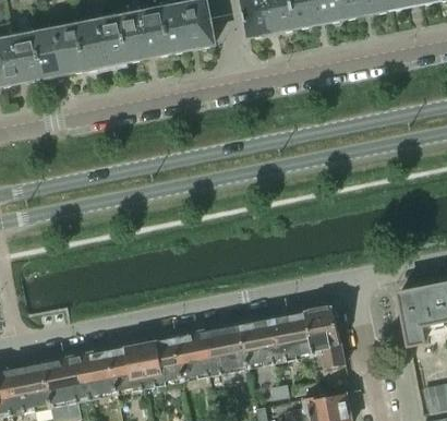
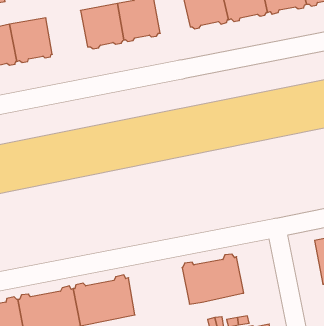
building: [76,16,126,71] -> none
building: [304,305,343,371] -> none
building: [176,321,249,382] -> none

